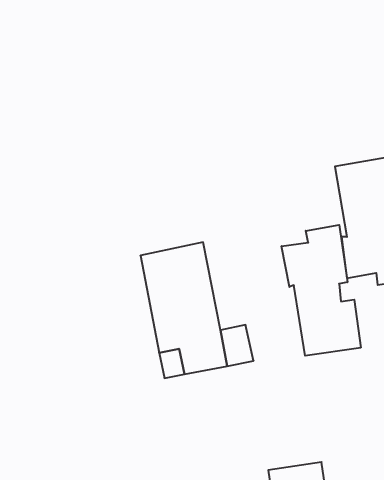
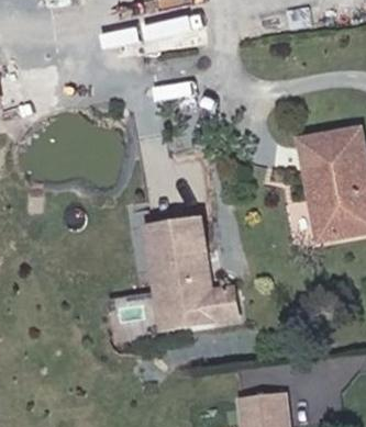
building: [282,225,361,356] -> none

